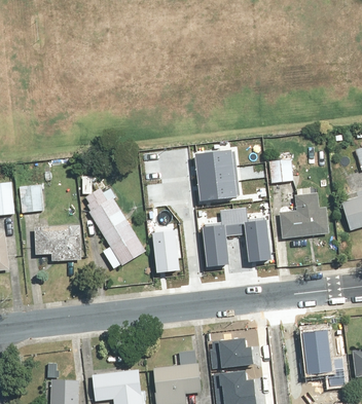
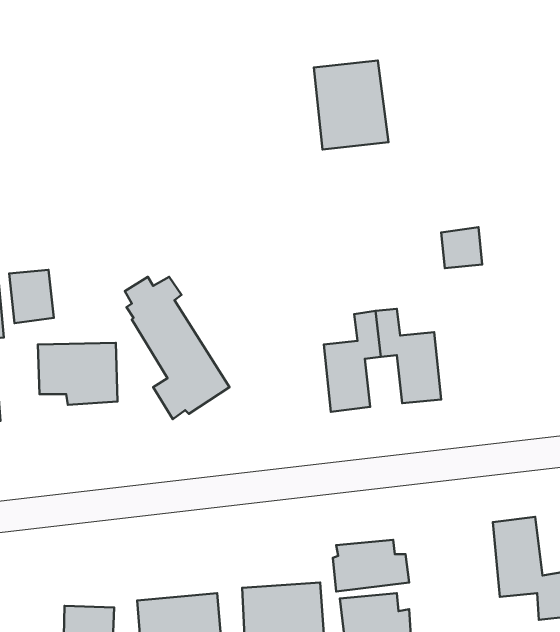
building: [193,150,237,201] -> [314,61,388,149]
building: [281,187,330,238] -> none
building: [150,231,178,271] -> none

